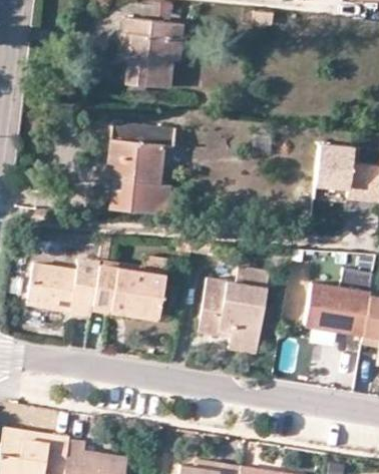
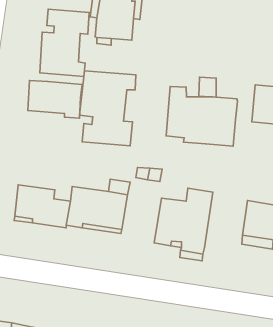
building: none -> [40,9,89,77]
building: none -> [28,80,82,118]
building: none -> [166,87,237,146]

